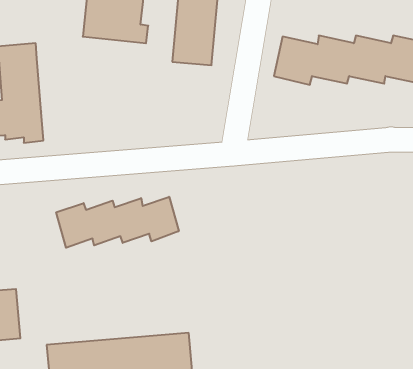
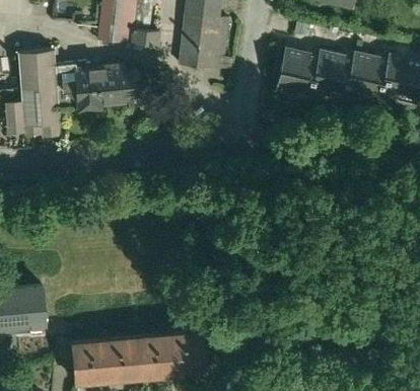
building: none -> [56,65,143,121]
building: [56,197,179,248] -> none

